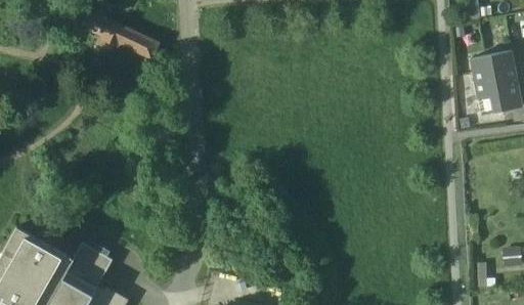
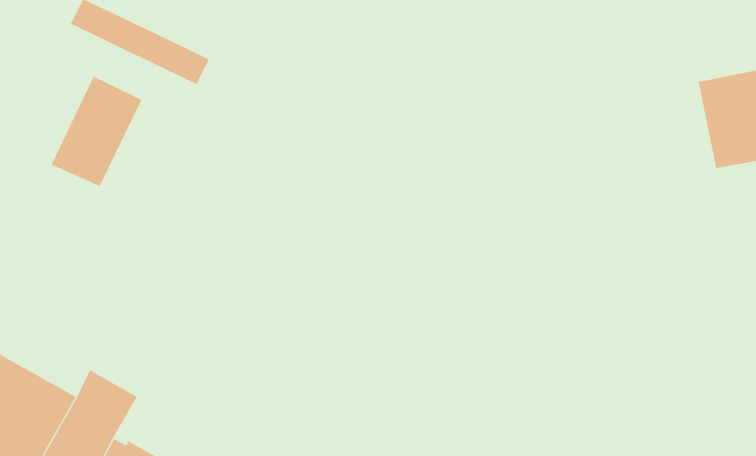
building: none -> [51,76,142,187]

